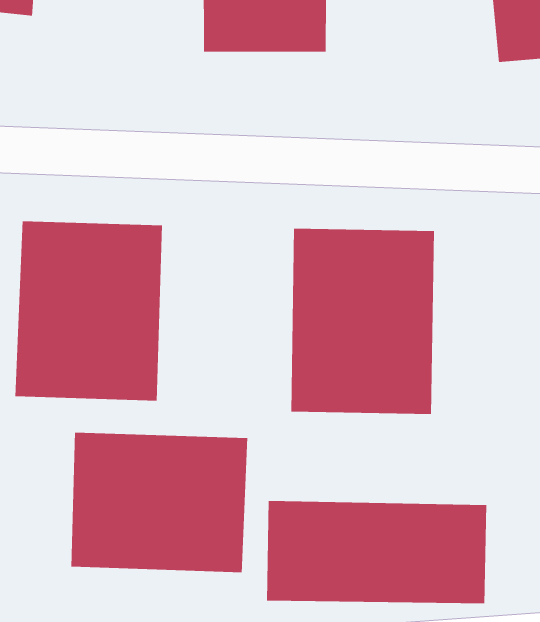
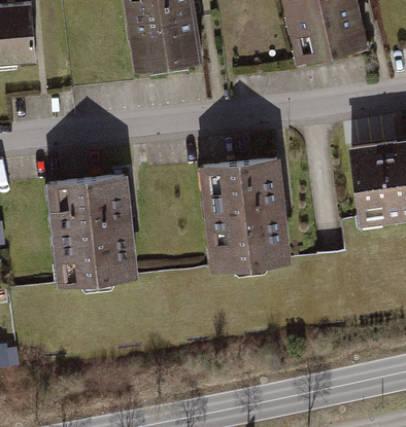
building: [71,432,248,573] -> none
building: [267,500,487,604] -> none

